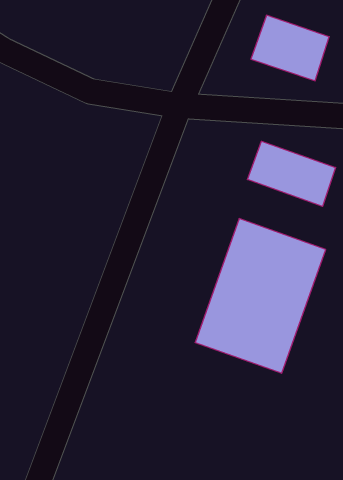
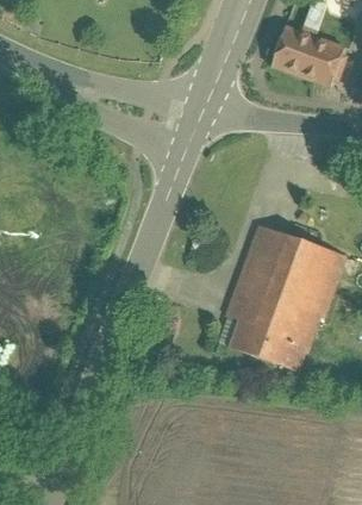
building: [247,141,336,206] -> none

